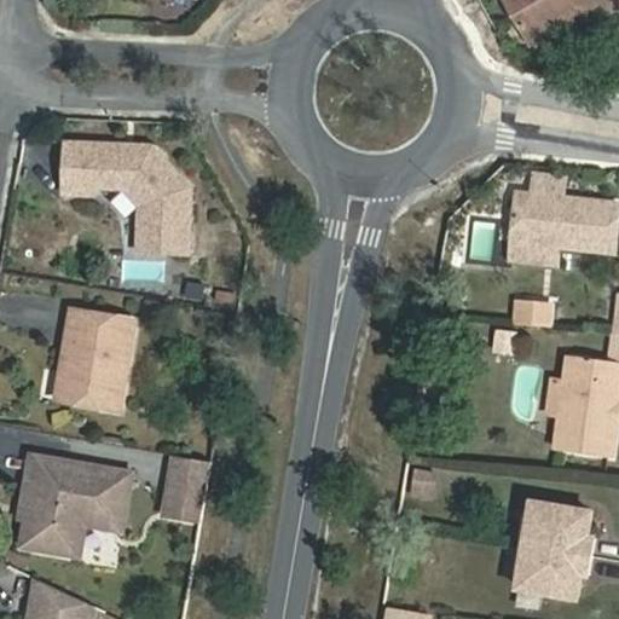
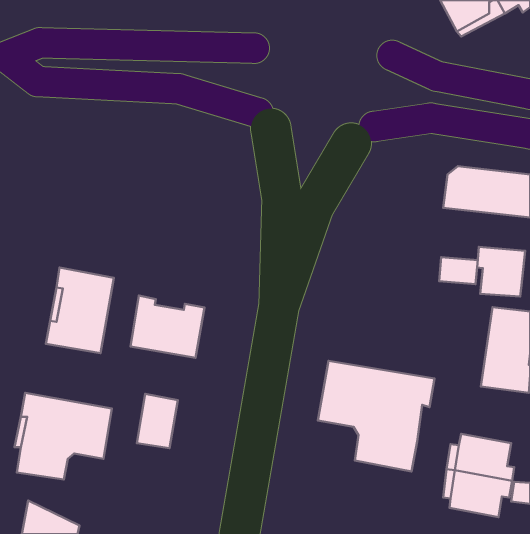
building: [62,140,191,254] -> none
building: none -> [477,247,525,297]
building: none -> [131,296,205,358]
building: none -> [318,361,434,471]

